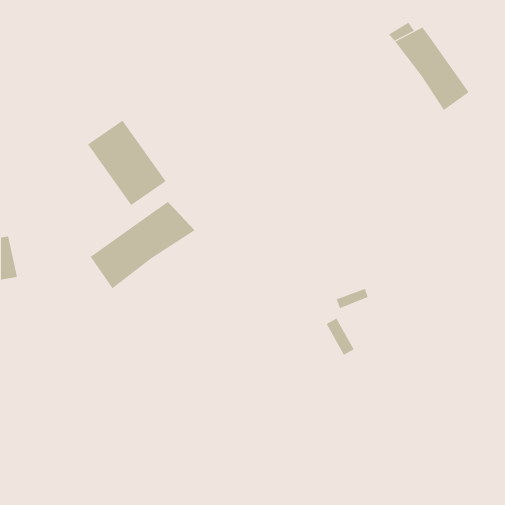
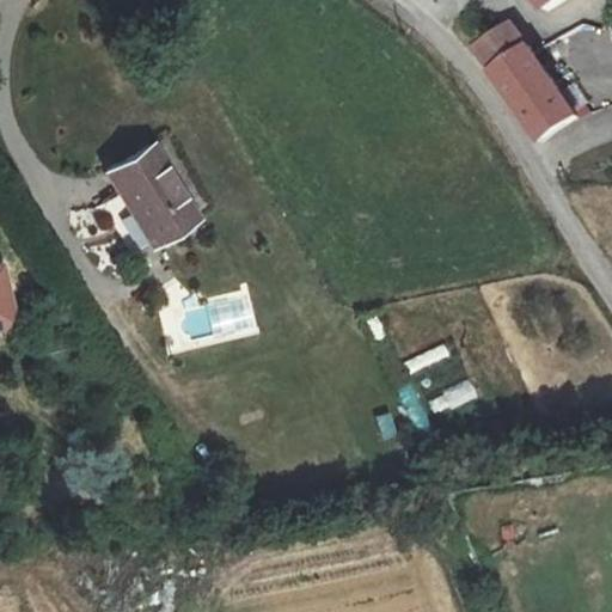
building: [90,201,195,289] -> none

